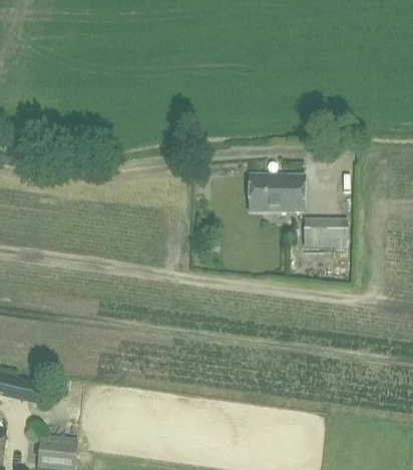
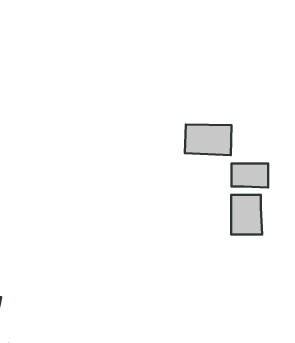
building: none -> [231,195,262,234]

